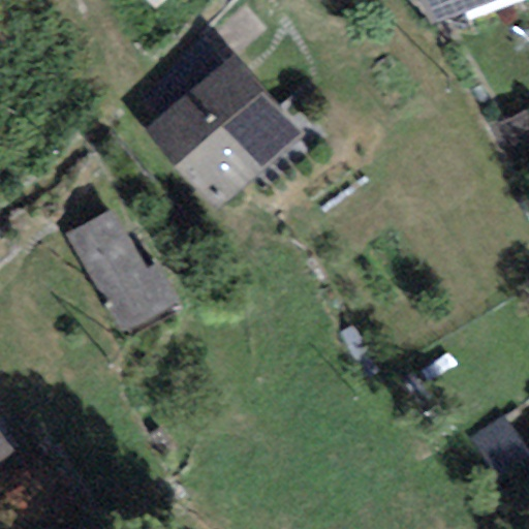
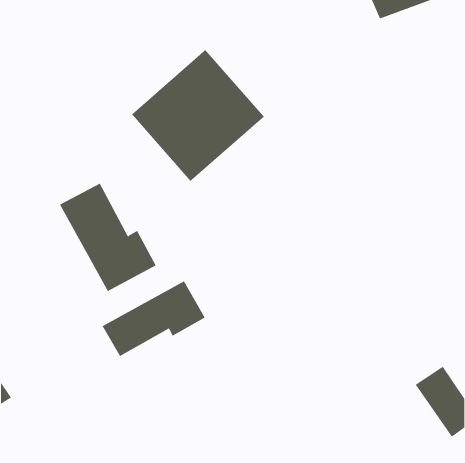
building: none -> [102,281,205,357]

